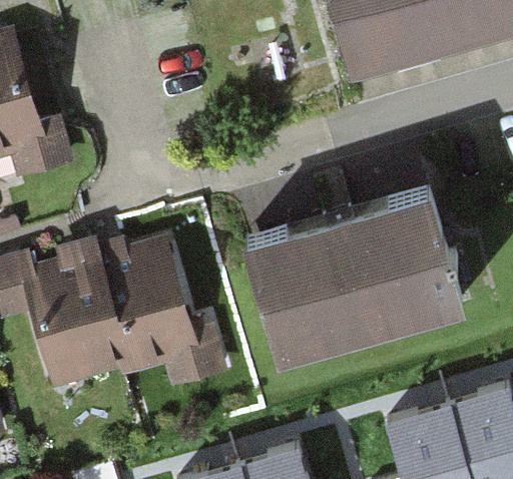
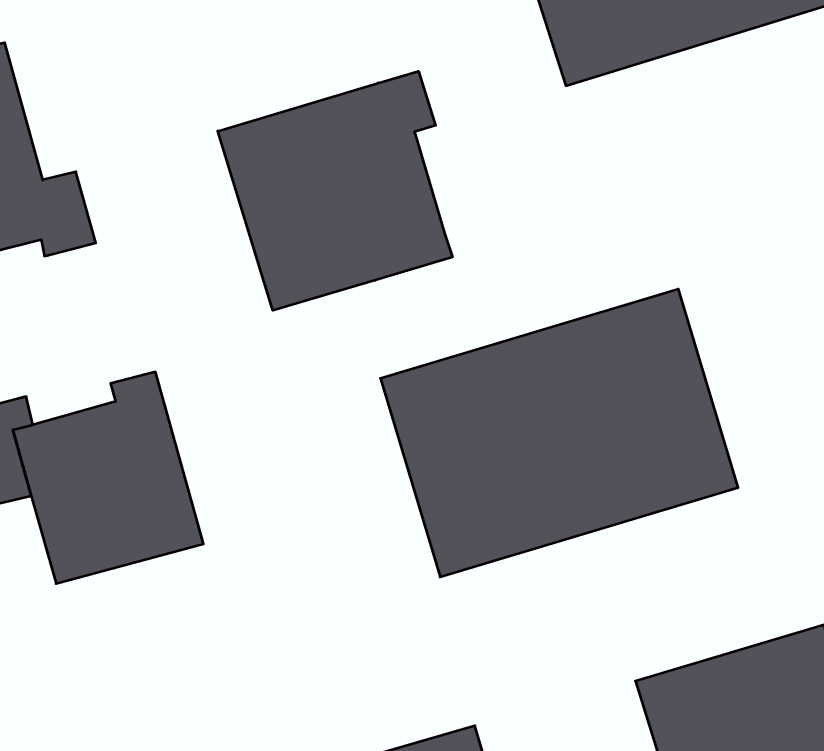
building: none -> [218,71,452,310]
building: [111,245,228,383] -> none

